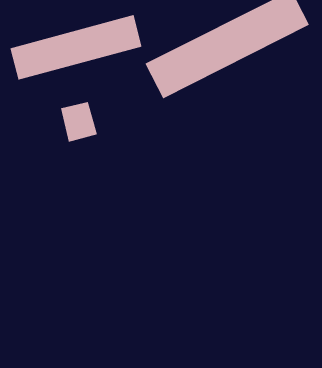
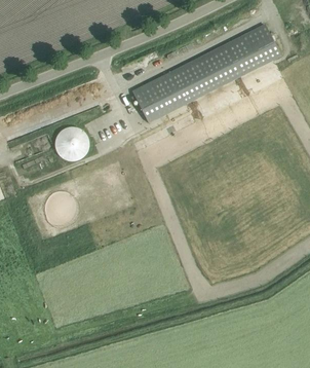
building: [10,14,142,81] -> none

